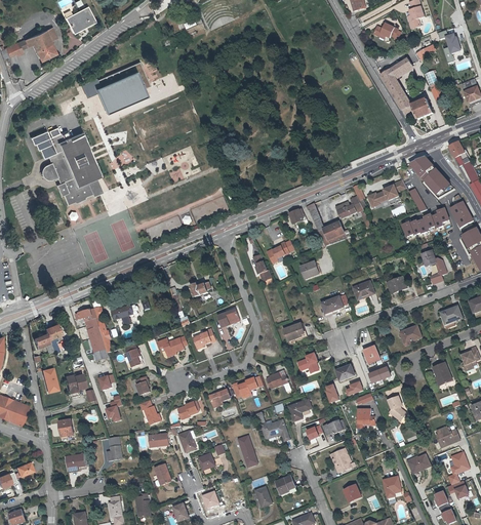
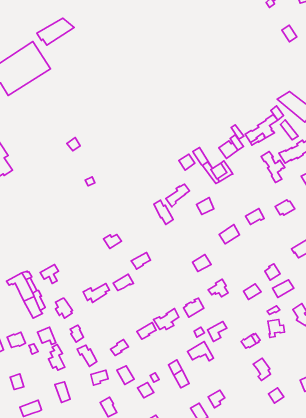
building: none -> [37,18,74,45]
building: [377,59,431,121] -> none
building: none -> [261,151,285,182]

